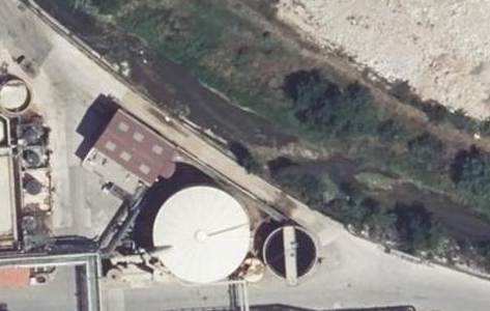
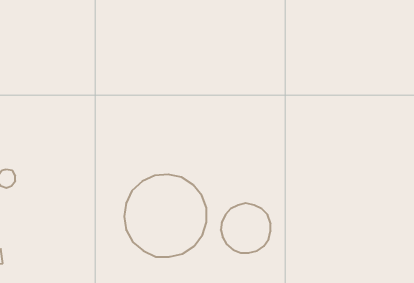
building: [81,107,174,192] -> none

